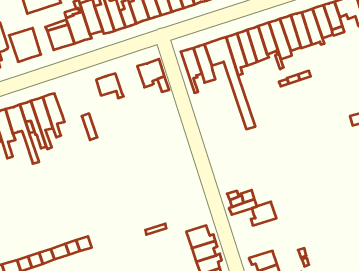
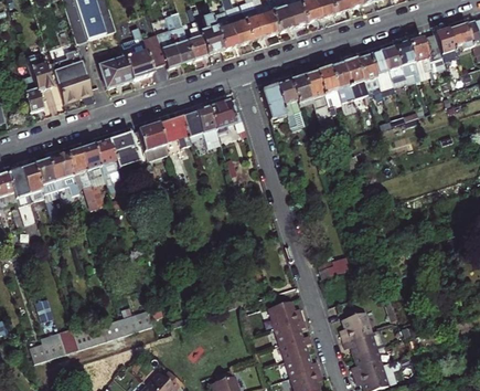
building: none -> [181,107,220,148]
building: none -> [137,124,168,161]
building: none -> [107,133,138,168]
building: [251,202,276,225] -> [341,311,372,340]

